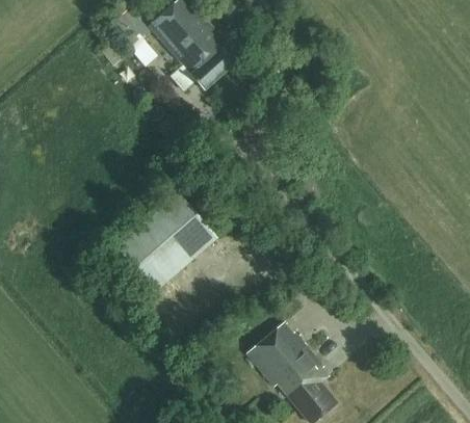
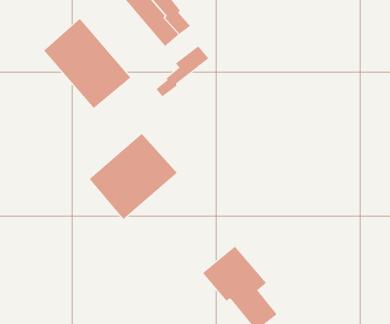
building: none -> [43,18,131,109]
building: none -> [155,45,209,97]

